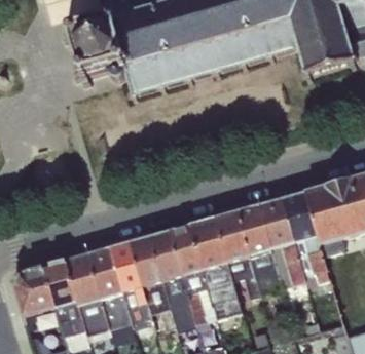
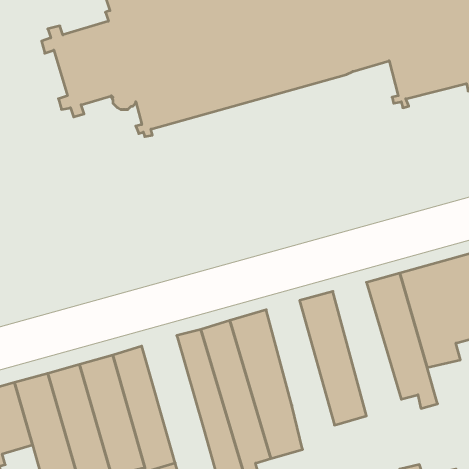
building: [259,198,306,288] -> none
building: [214,210,260,299] -> none
building: [130,234,172,313] -> none

